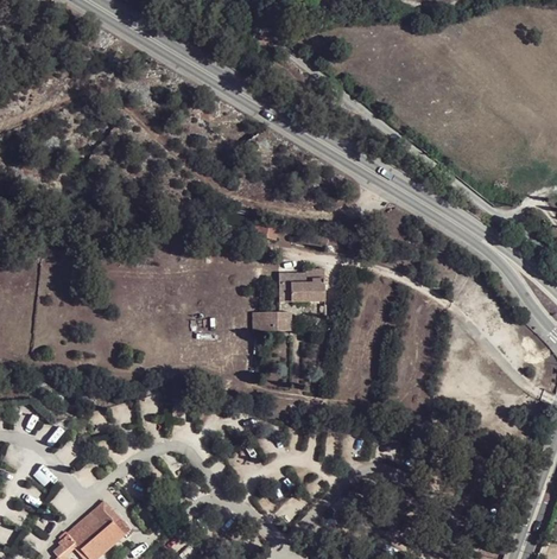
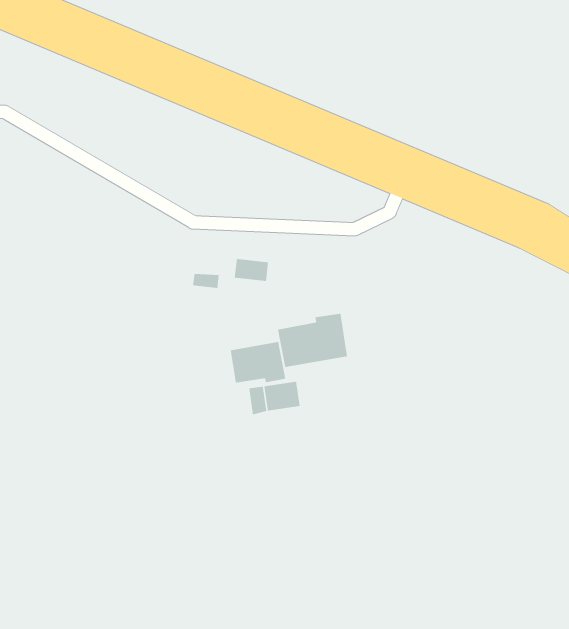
building: none -> [230,341,286,383]

